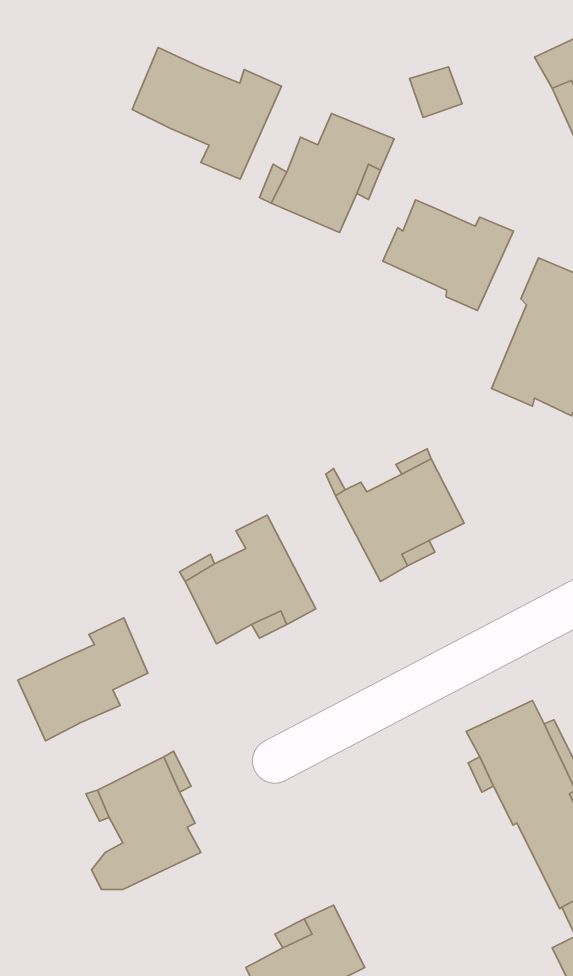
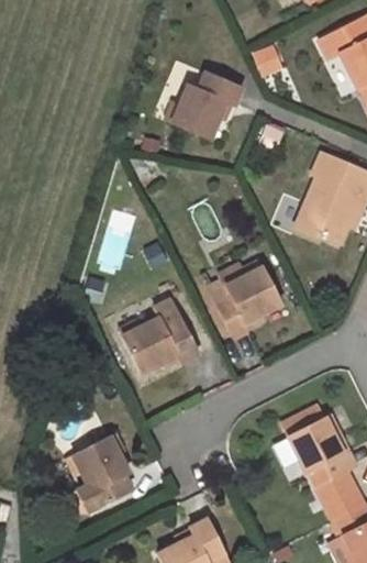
building: [132,47,281,179] -> none
building: [383,200,513,311] -> none
building: [18,618,148,741] -> none

